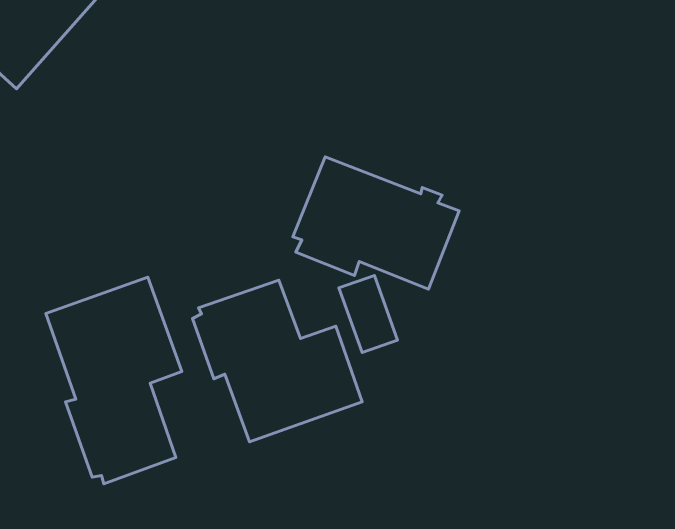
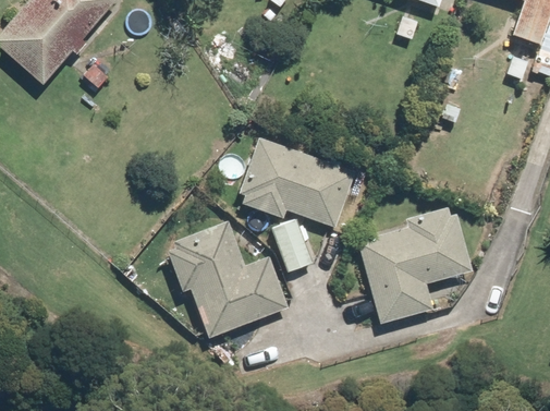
building: none -> [358,206,473,323]
building: [46,277,182,484] -> none

